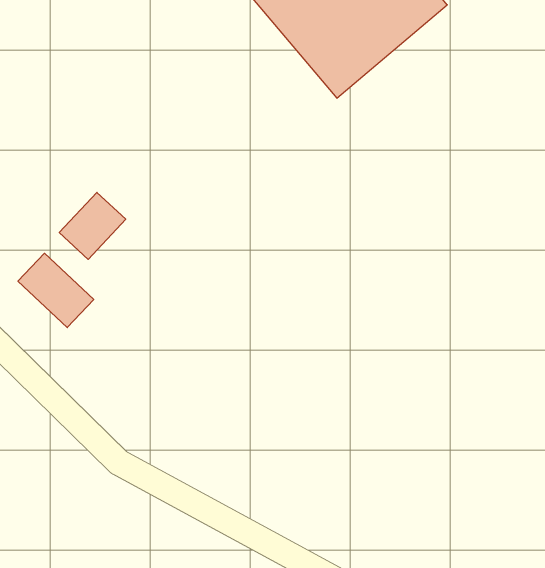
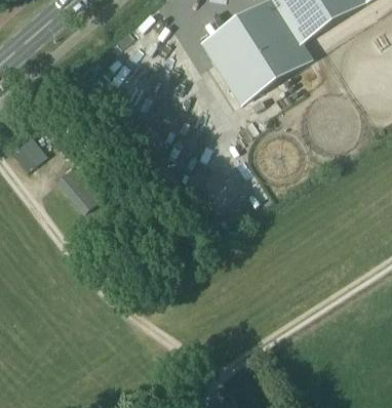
building: [59,192,126,259] -> none

